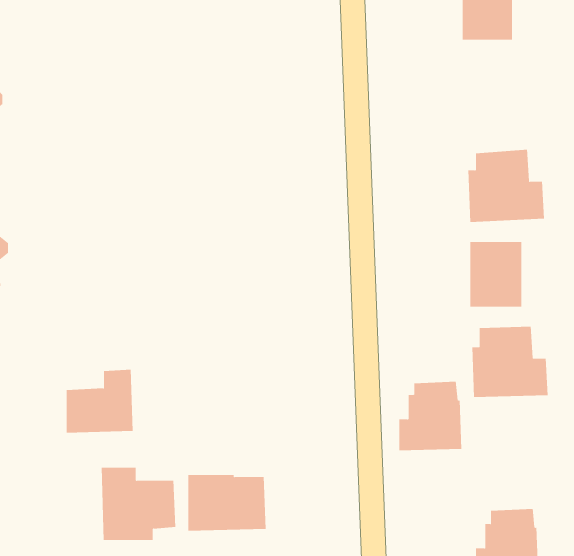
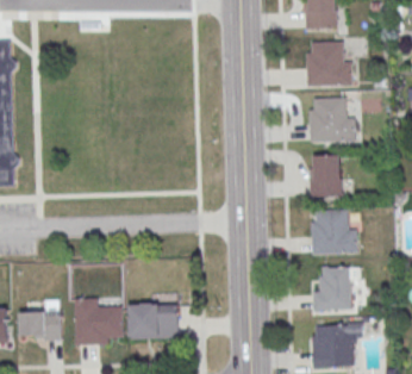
building: none -> [305,40,354,86]
building: [66,369,133,433] -> [19,300,62,341]
building: [398,381,462,451] -> [312,267,352,311]

